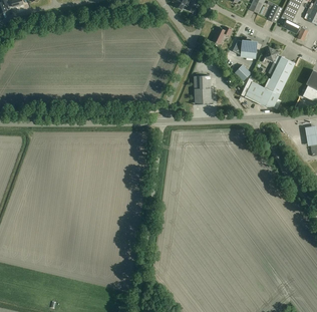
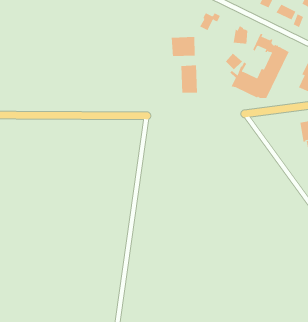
building: none -> [171,36,195,57]

